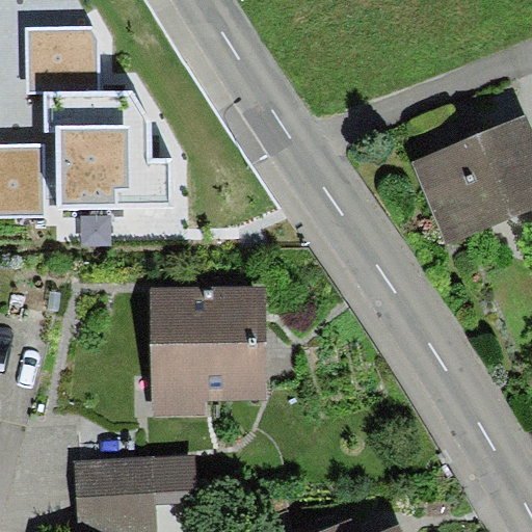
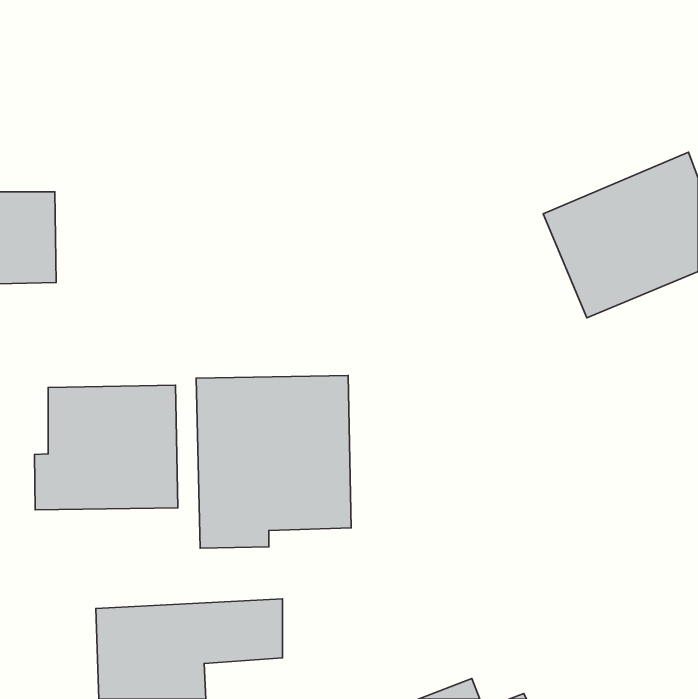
building: [23,27,171,208] -> none
building: none -> [34,385,178,510]

